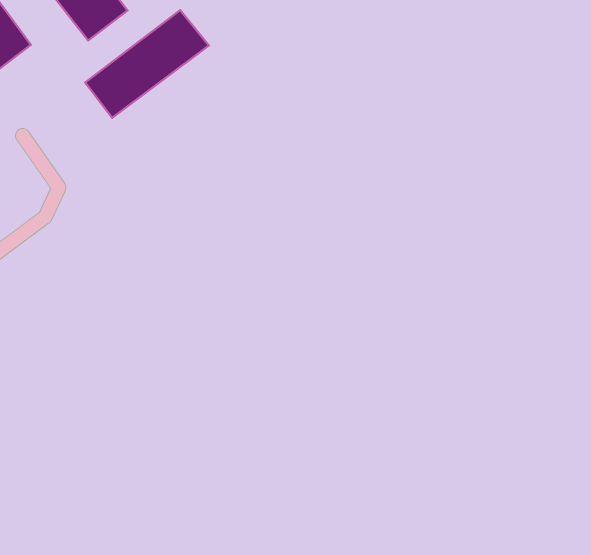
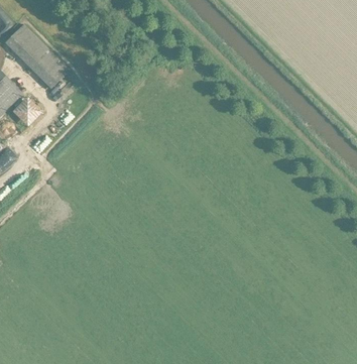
building: [85,10,209,118] -> none

